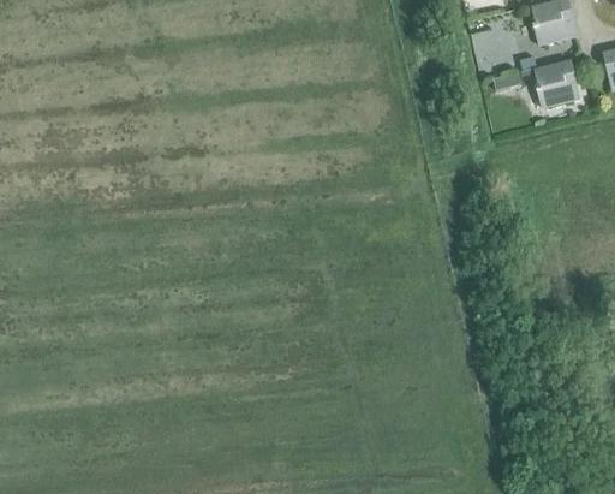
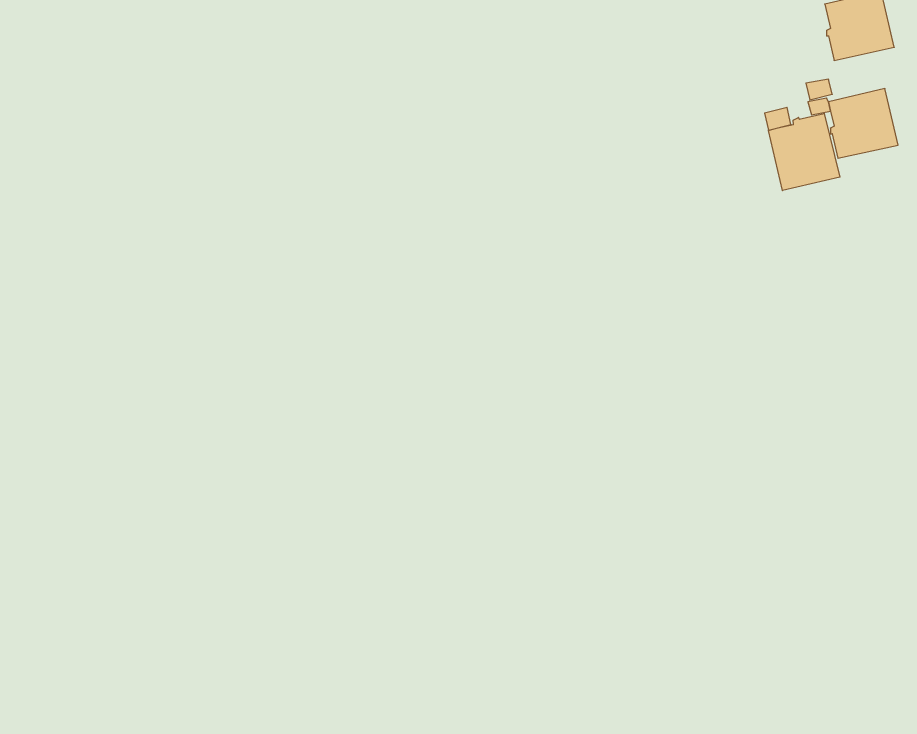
building: none -> [768,113,840,191]

